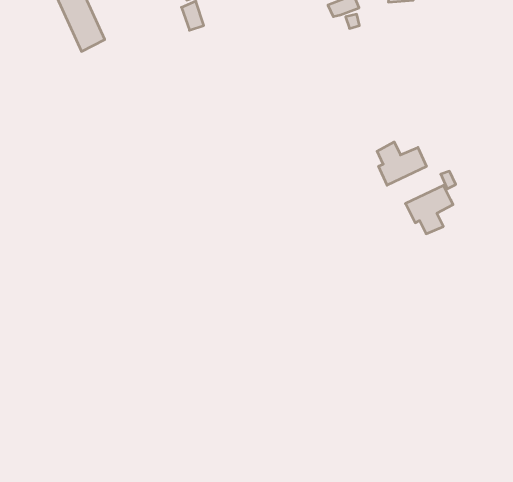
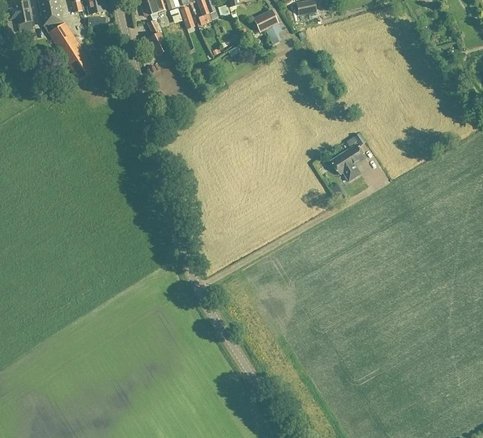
building: [377,142,426,185] -> none

